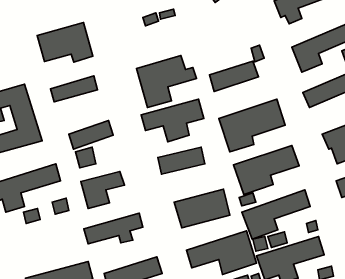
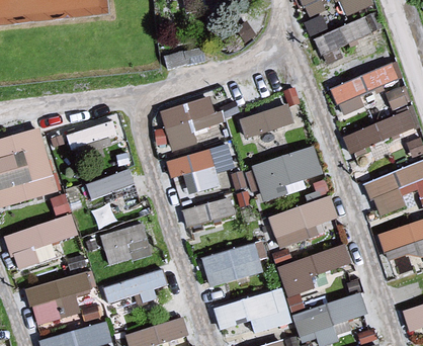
building: [37,23,93,62] -> none
building: none -> [26,271,97,326]

